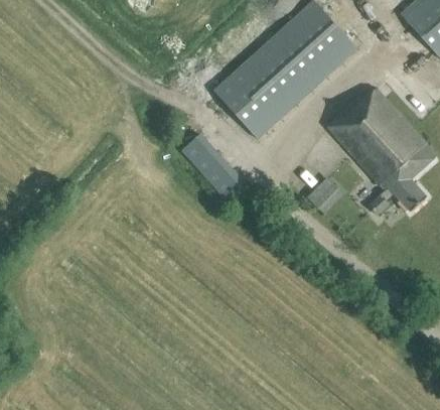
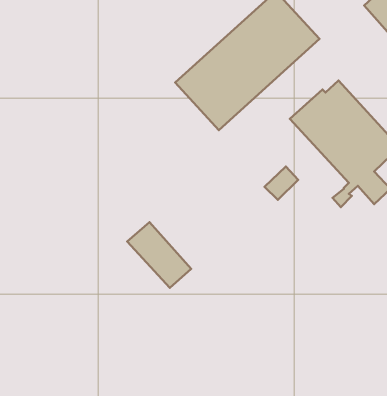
building: [184,130,248,195] -> [127,222,191,288]

